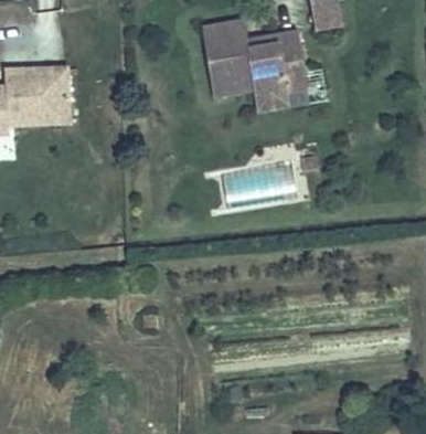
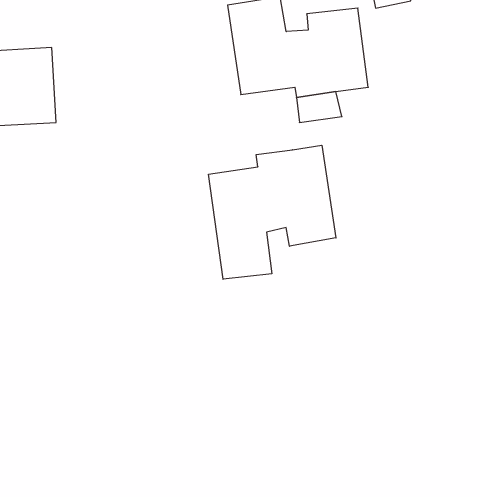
building: none -> [209,145,336,279]

